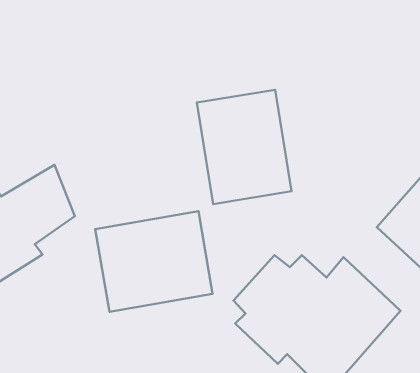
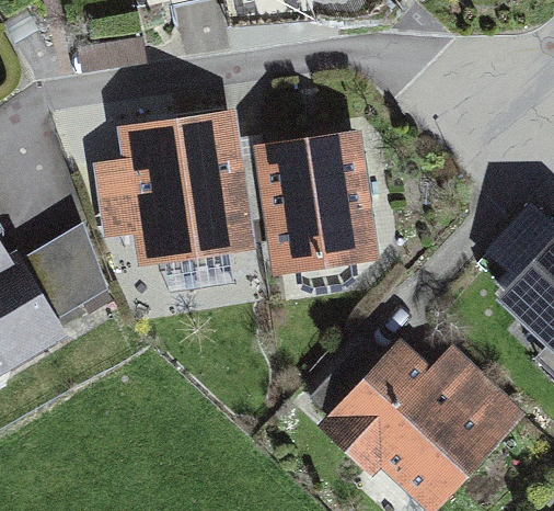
building: none -> [112,107,259,268]
building: [95,211,213,312] -> none

